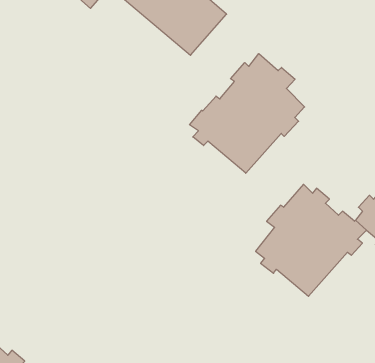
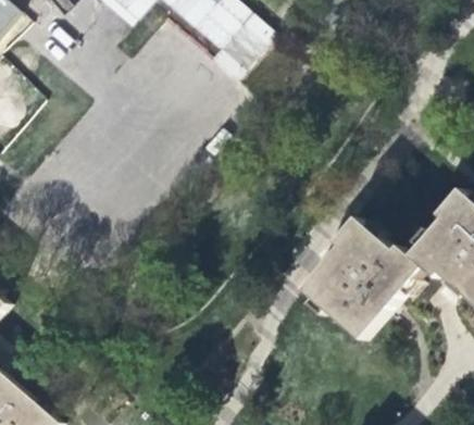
building: [190,54,305,173] -> none

